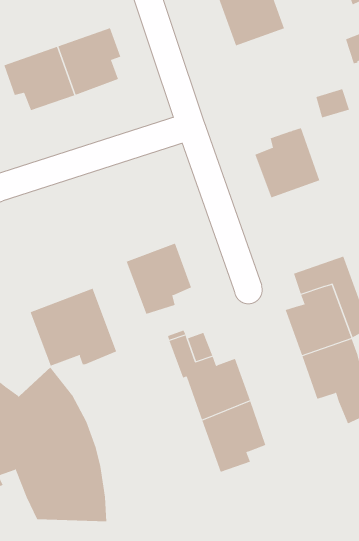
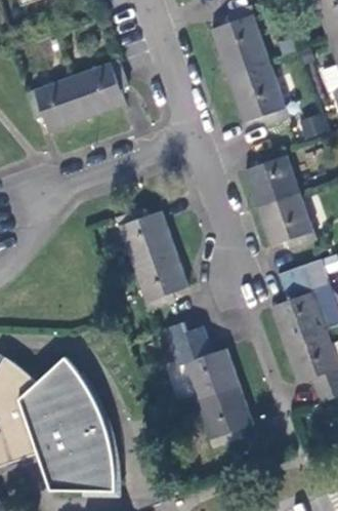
building: none -> [226,61,290,125]
building: none -> [257,193,316,249]
building: none -> [115,208,174,264]
building: [30,288,117,366] -> none

